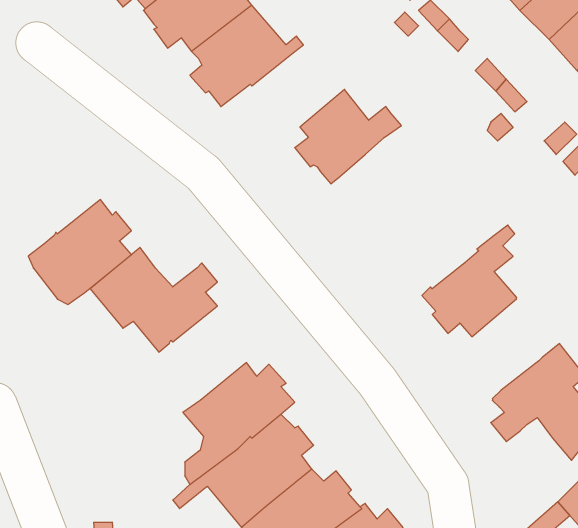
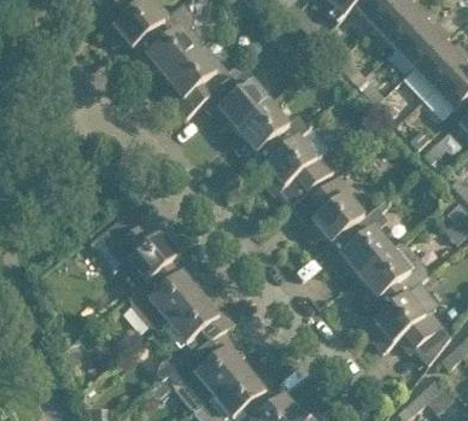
building: none -> [204,75,269,128]
building: none -> [263,125,332,204]
building: none -> [303,174,363,241]
building: [28,200,131,304] -> [128,255,200,328]
building: none -> [357,240,427,312]

